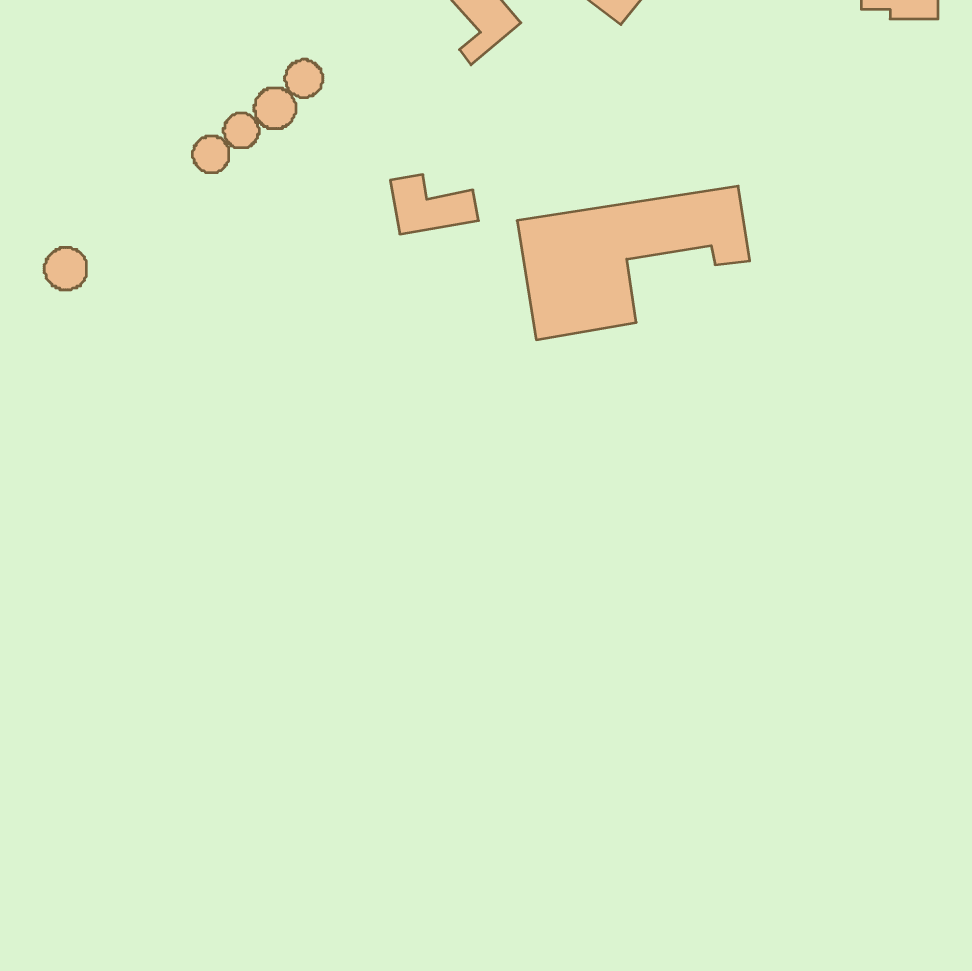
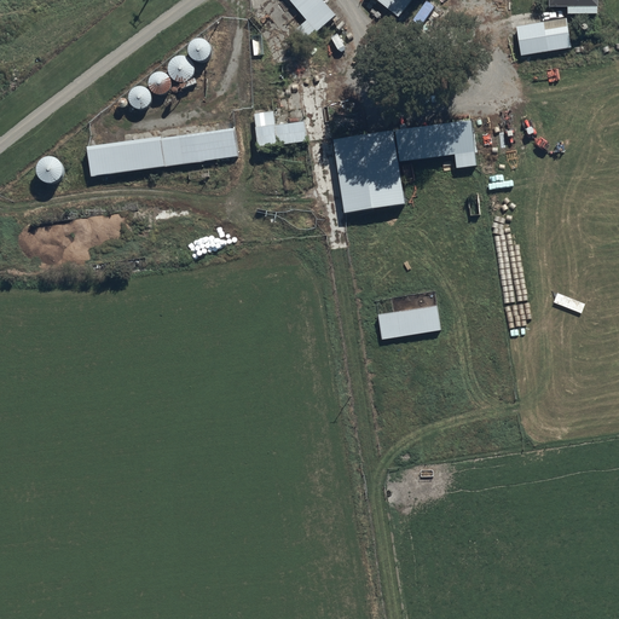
building: none -> [517,21,571,54]
building: none -> [86,125,237,177]
building: none -> [380,306,442,339]

